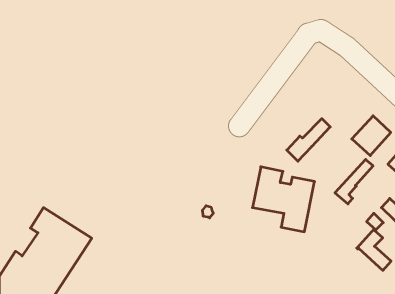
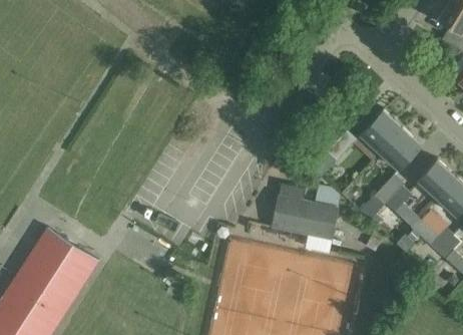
building: none -> [361,110,403,153]
building: [357,229,391,270] -> [384,183,421,228]

